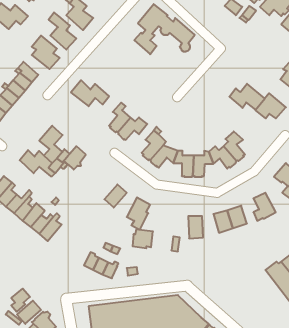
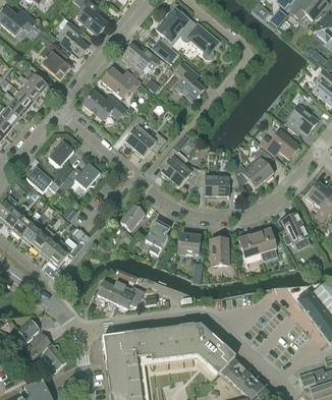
building: none -> [121,44,159,72]
building: none -> [175,61,204,102]
building: none -> [102,68,140,97]
building: [229,84,265,110] -> [260,129,298,158]
building: [133,230,153,248] -> [177,233,200,253]

